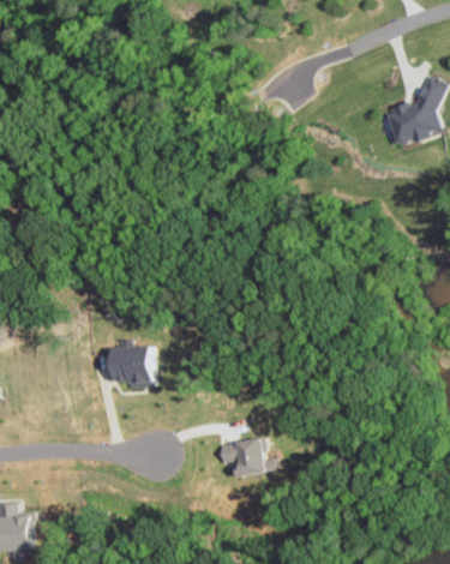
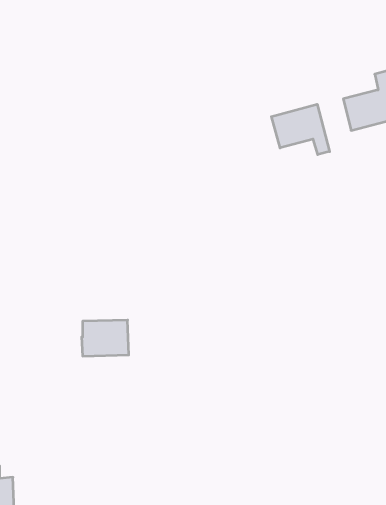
building: none -> [271,104,330,155]
building: [218,436,277,478] -> none

